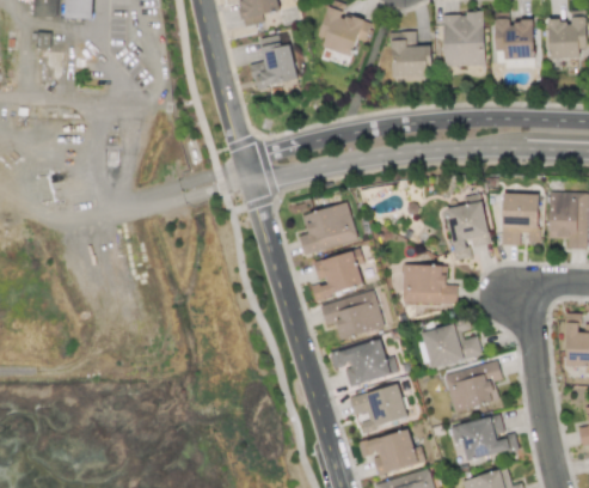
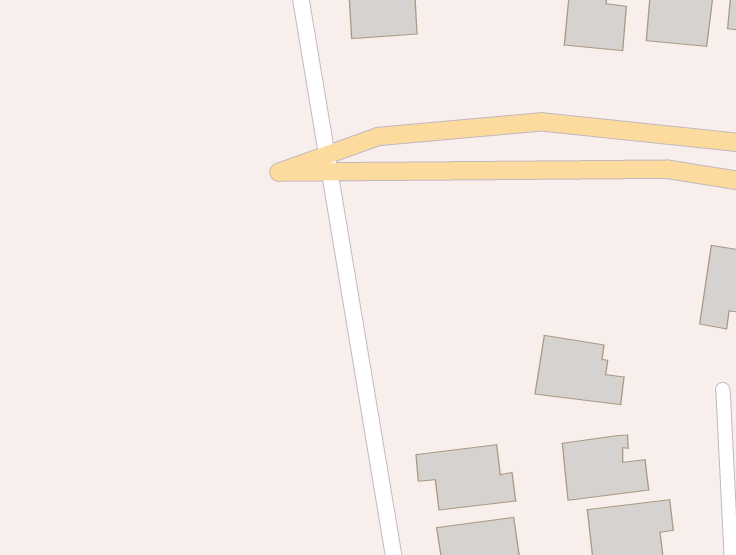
building: [446,201,490,260] -> none
building: [299,202,357,255] -> none
building: [311,249,363,299] -> none
building: [320,291,384,340] -> none

